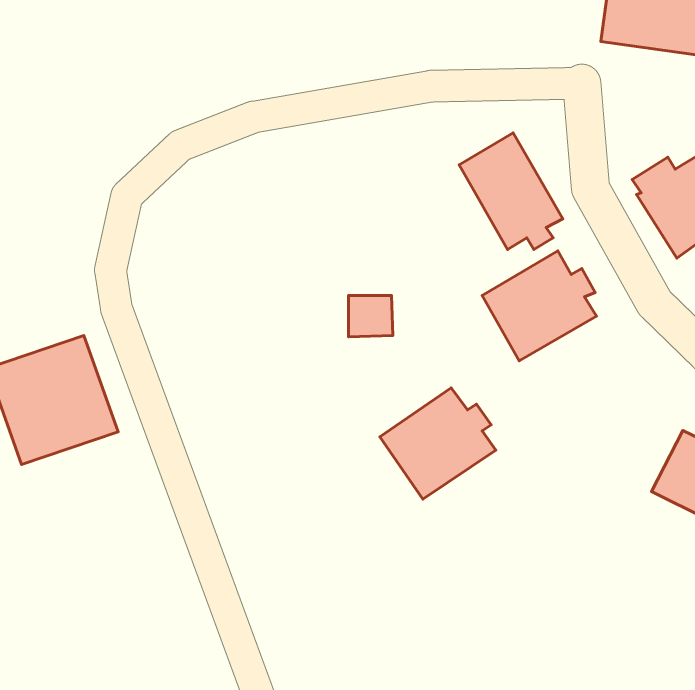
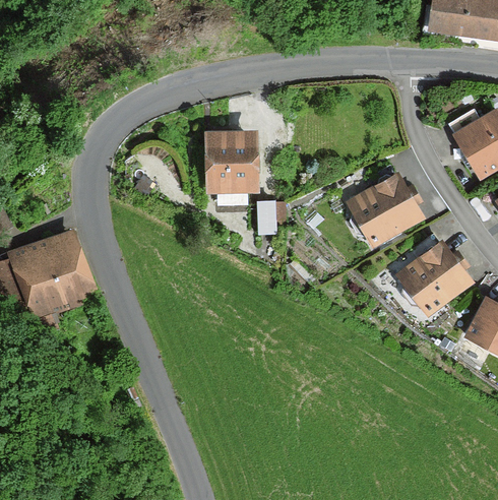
building: [459,133,563,250] -> none
building: none -> [202,130,259,193]
building: [380,388,496,499] -> [394,241,474,317]

